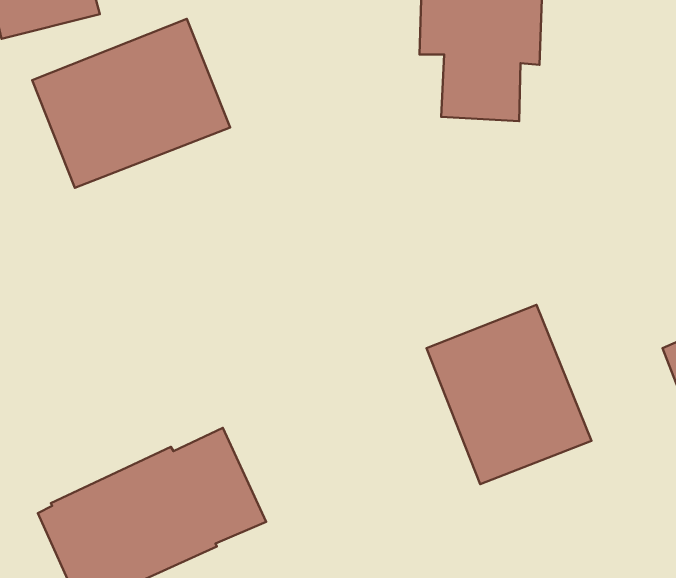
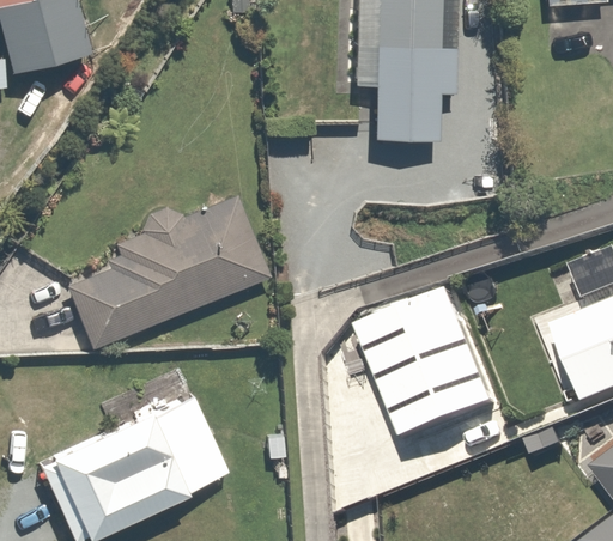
building: [32,19,230,188] -> none
building: none -> [66,195,271,348]

